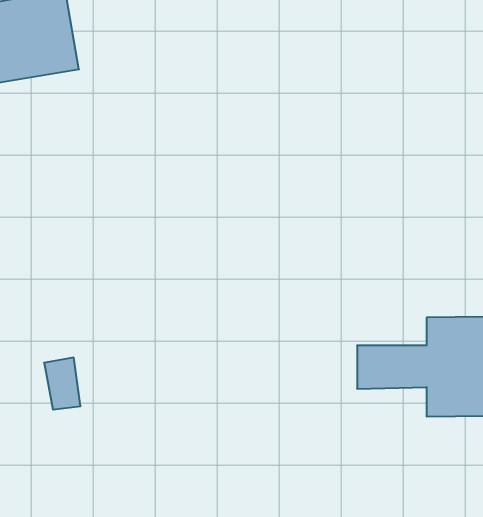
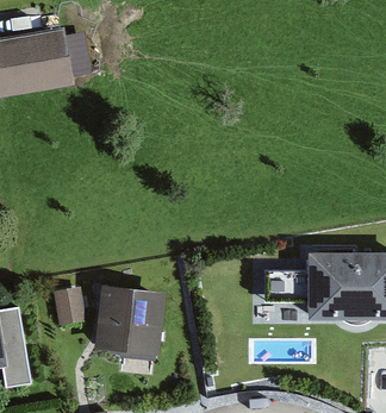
building: none -> [96,287,169,358]

